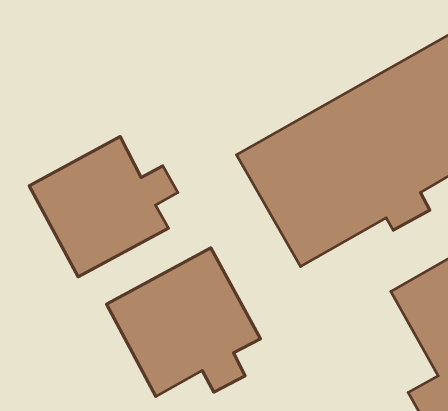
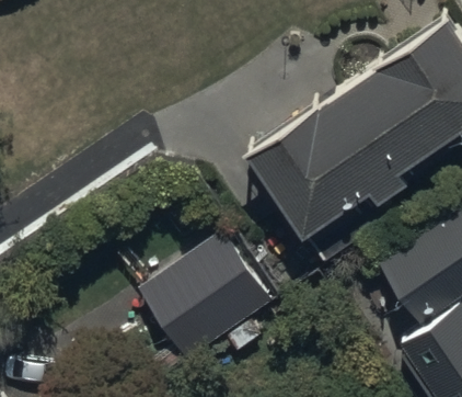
building: [29,136,178,277] -> none

